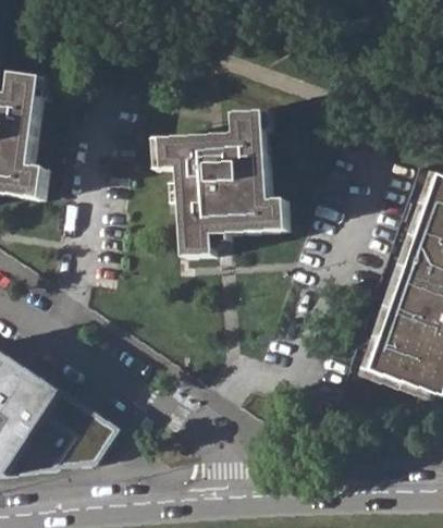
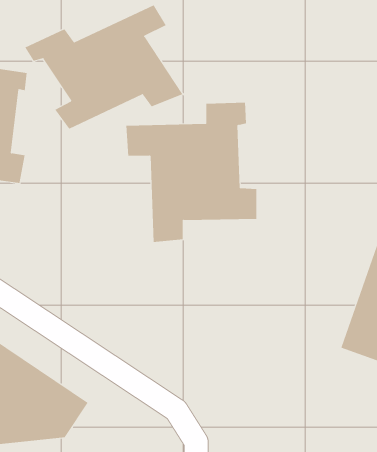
building: none -> [24,5,183,130]

